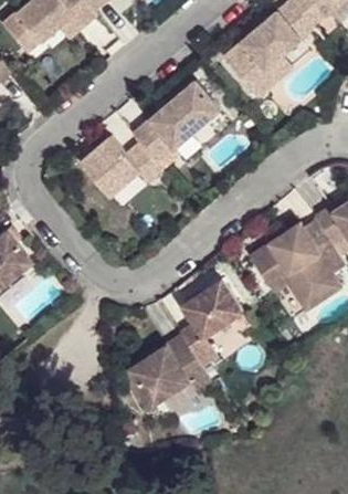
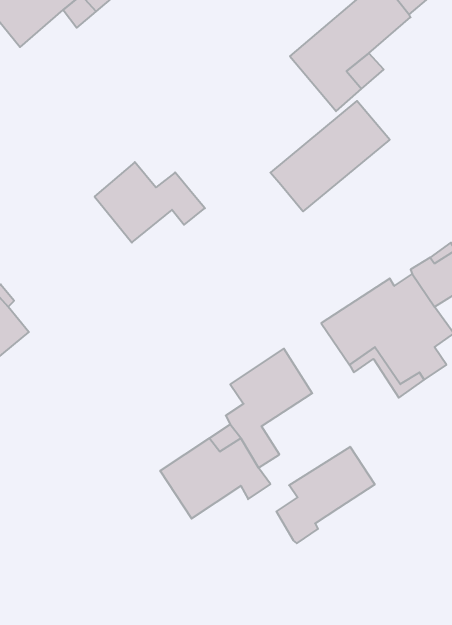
building: [131,83,220,165] -> [270,101,390,211]
building: none -> [276,447,375,543]

